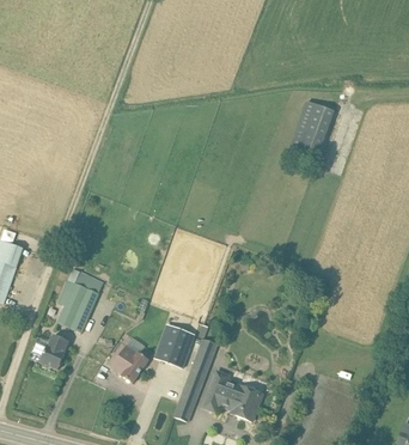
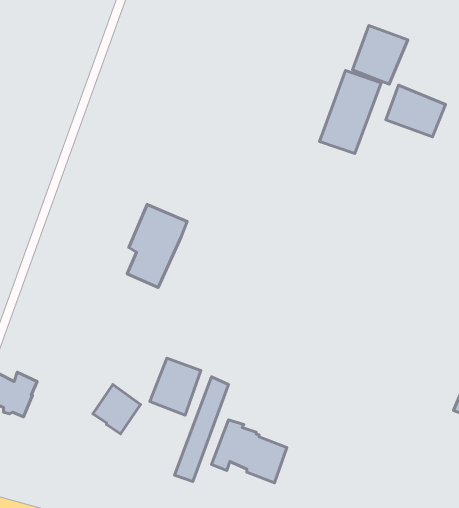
building: none -> [353,26,408,84]
building: none -> [386,85,445,137]
building: [57,268,104,333] -> [127,205,187,288]

